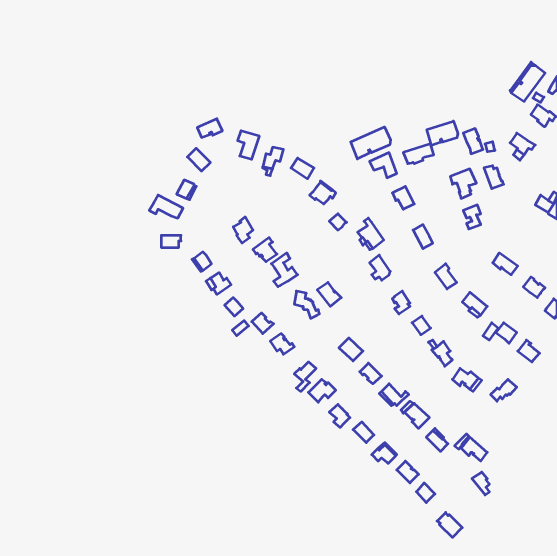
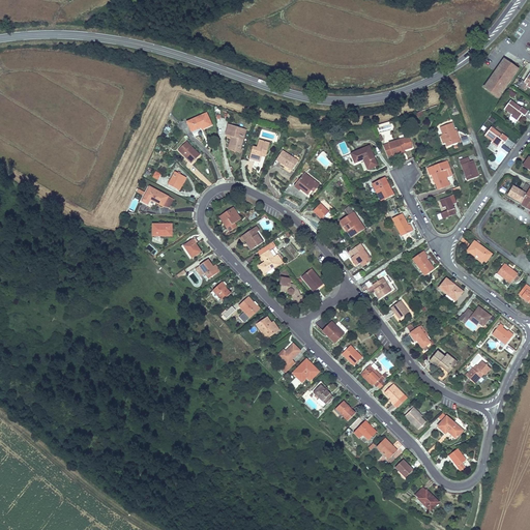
building: [427,121,458,146] -> none
building: [351,127,391,159] -> none

